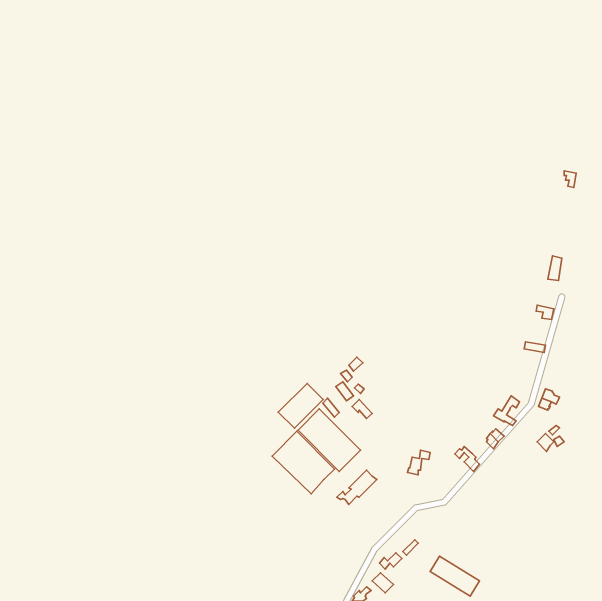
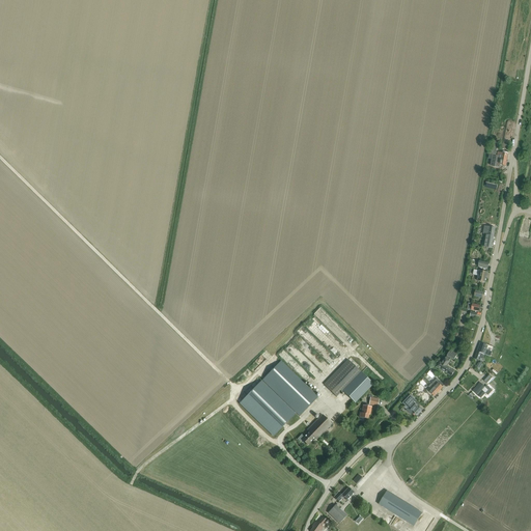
building: [278,383,323,428] -> none
building: none -> [324,358,373,402]

